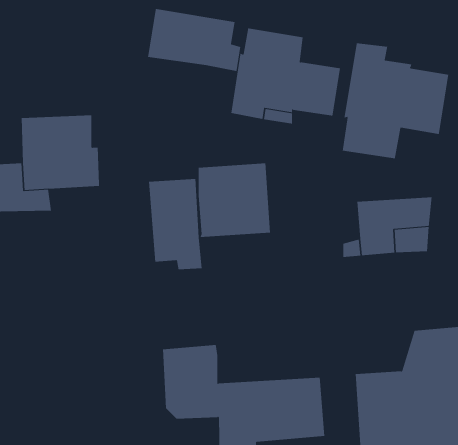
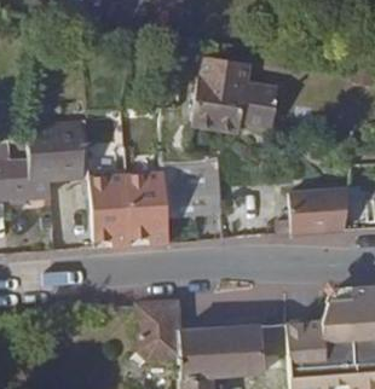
building: [148,8,241,72] -> none
building: [342,42,449,159] -> none
building: none -> [90,174,132,246]

